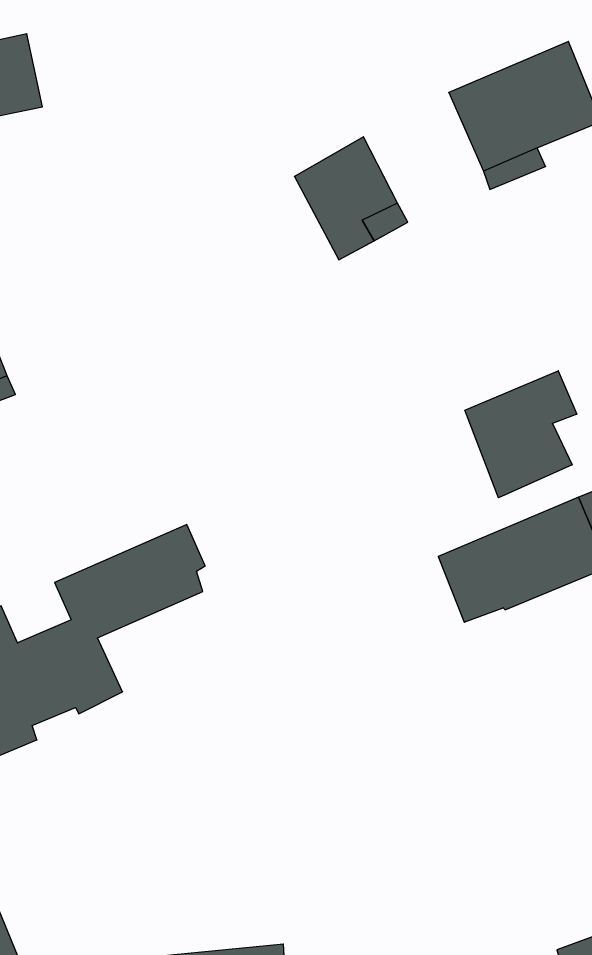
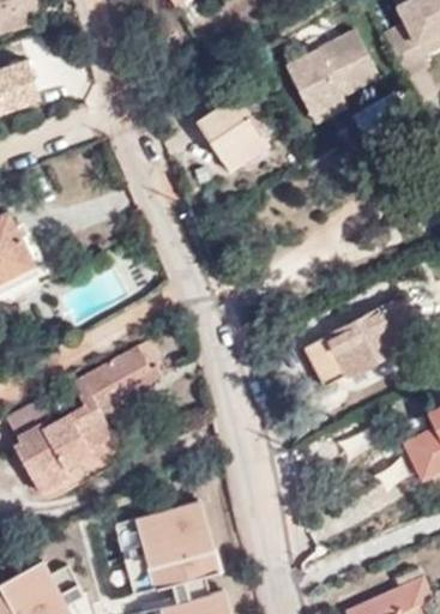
building: [465,371,577,498] -> none
building: none -> [111,495,221,591]

